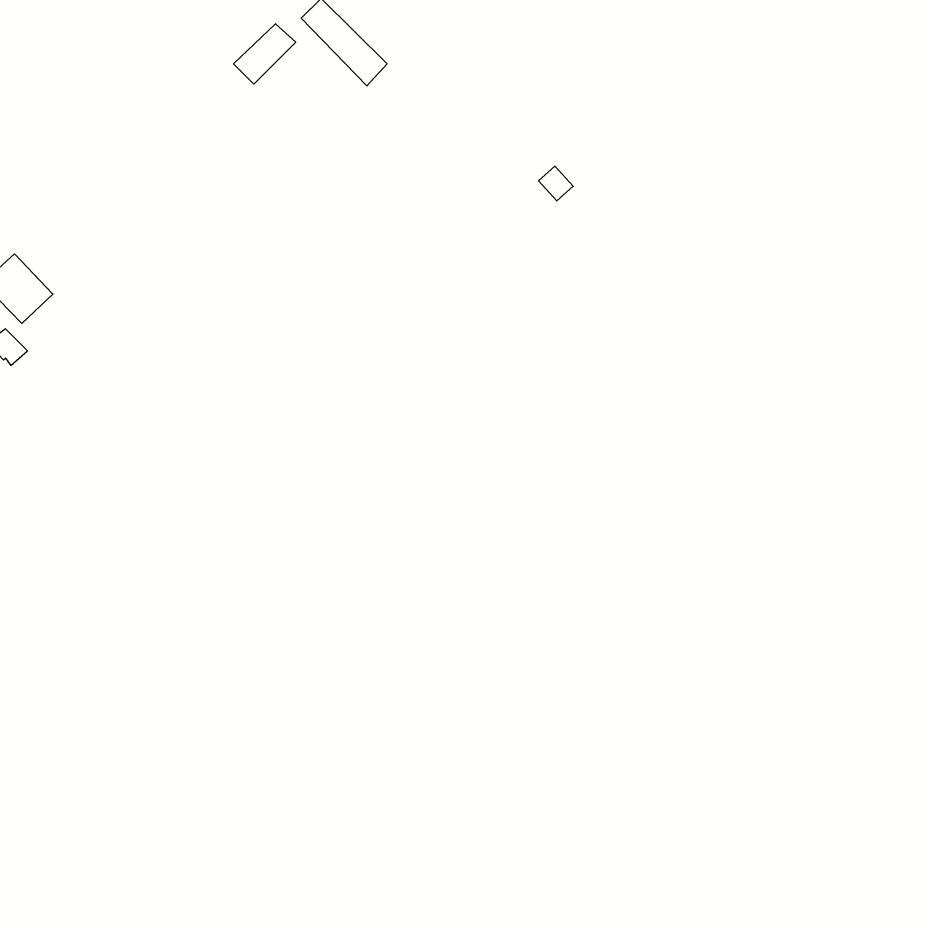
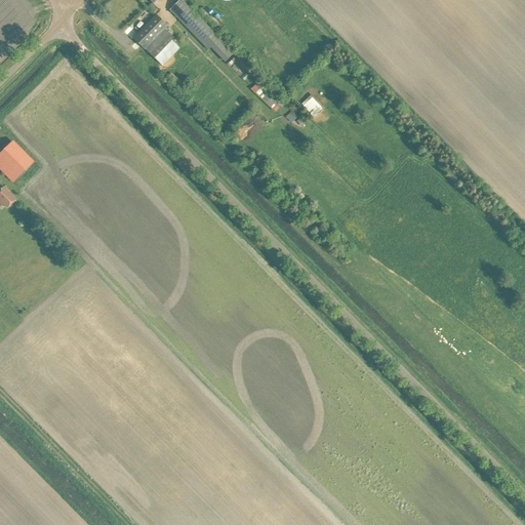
building: none -> [144,28,177,65]

